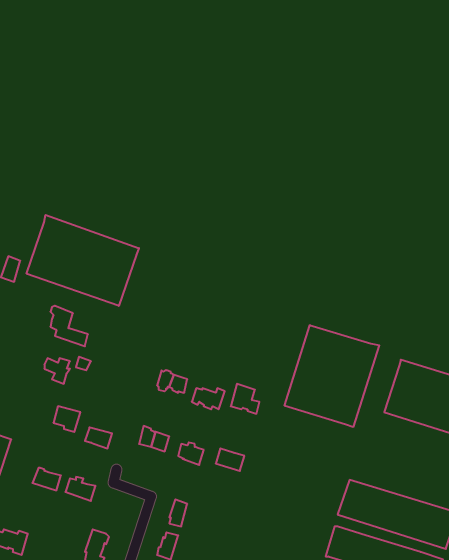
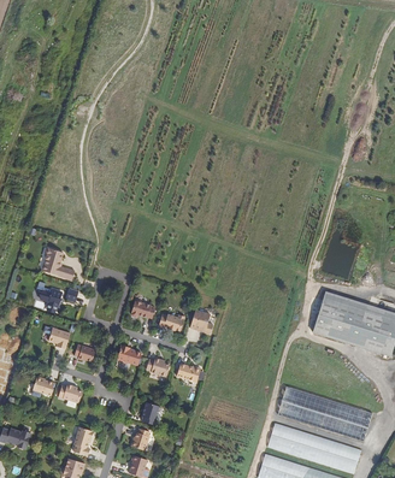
building: [27,215,139,306] -> none
building: [285,325,379,427] -> none

